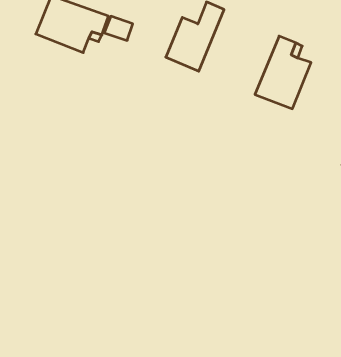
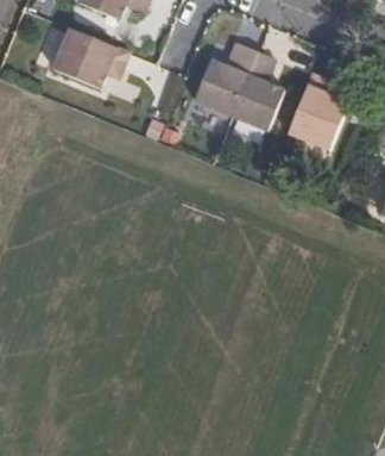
building: none -> [227,44,282,125]

